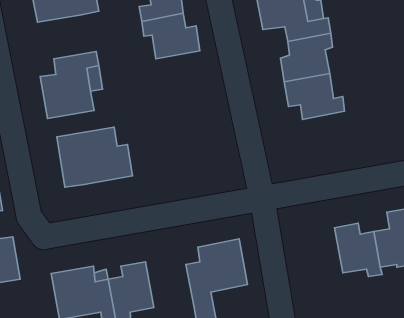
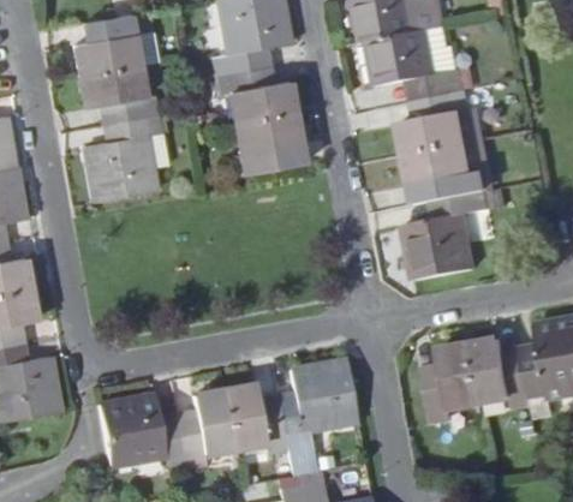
building: none -> [80,66,157,124]
building: none -> [231,113,302,177]
building: none -> [404,192,487,279]
building: [57,127,132,187] -> none
building: none -> [420,345,481,424]
building: none -> [222,383,286,453]

